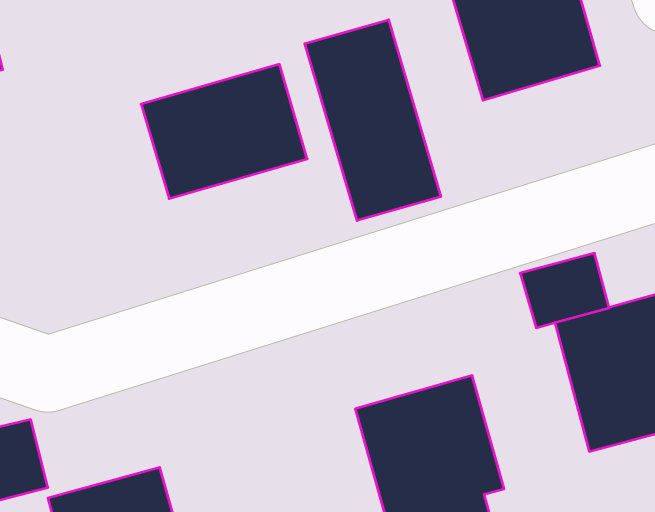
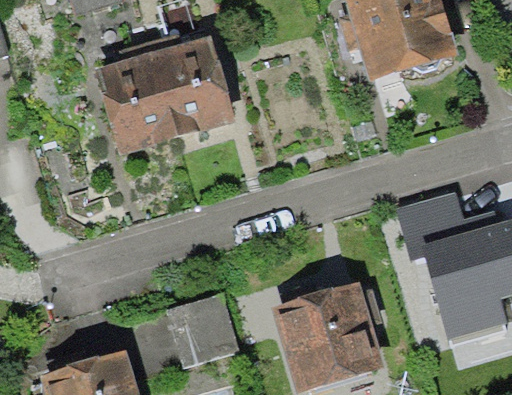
building: [305,20,441,221] -> none
building: none -> [164,292,237,360]

